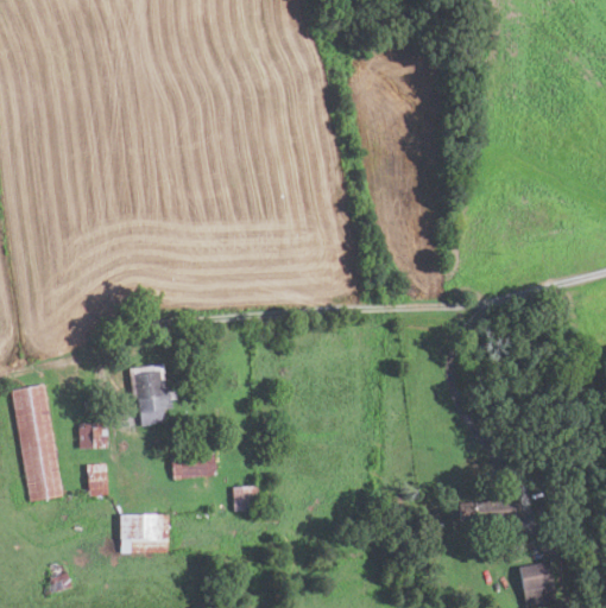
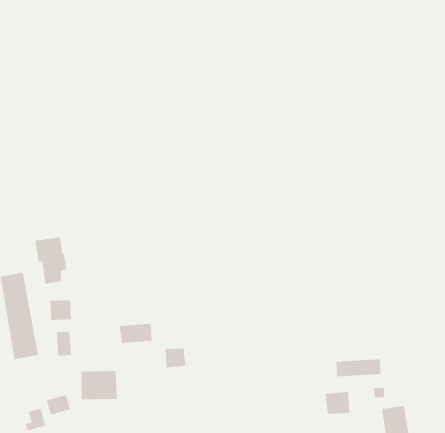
building: [128,363,171,426] -> [35,237,67,284]
building: none -> [325,391,350,415]
building: none -> [46,394,70,415]

